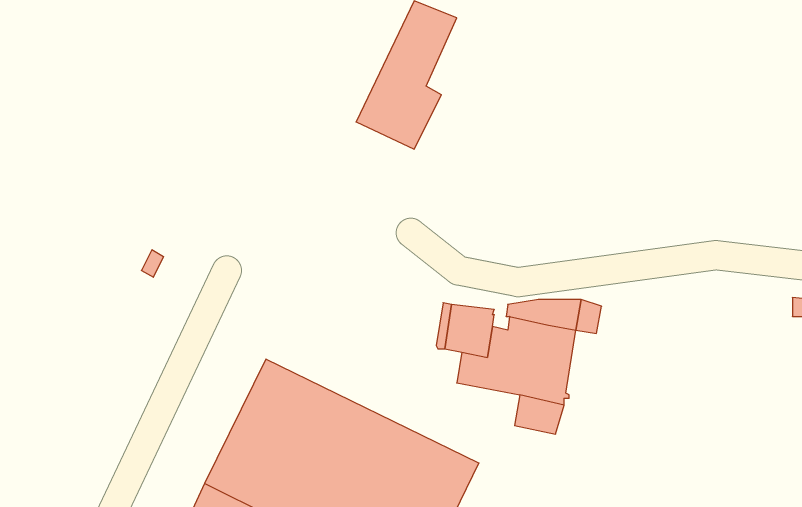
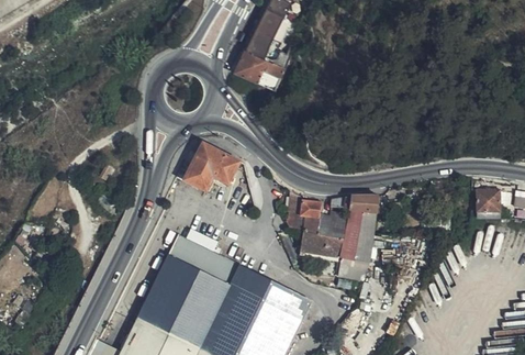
building: none -> [177,143,239,191]
building: none -> [476,193,499,218]

